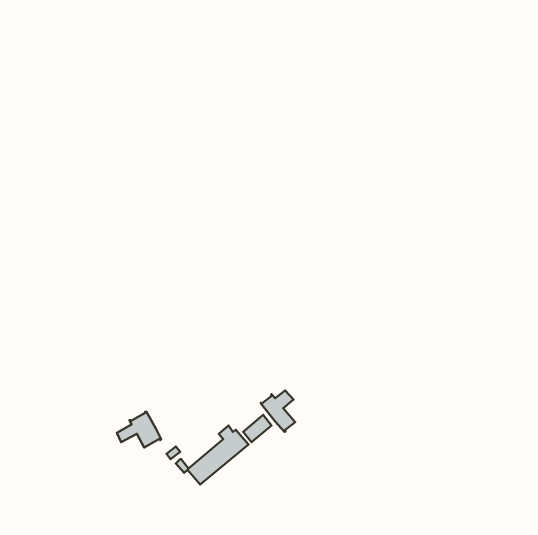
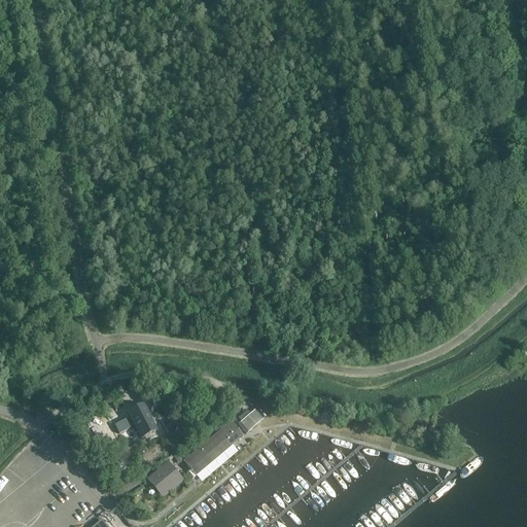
building: [261,390,295,432] -> none
building: none -> [149,462,180,493]

